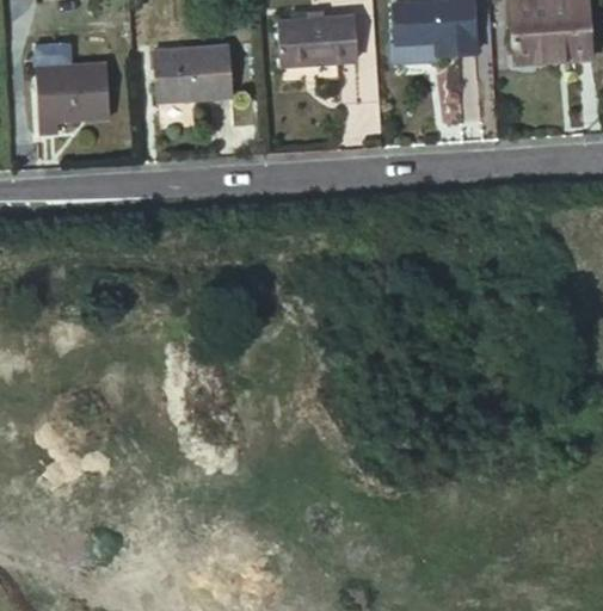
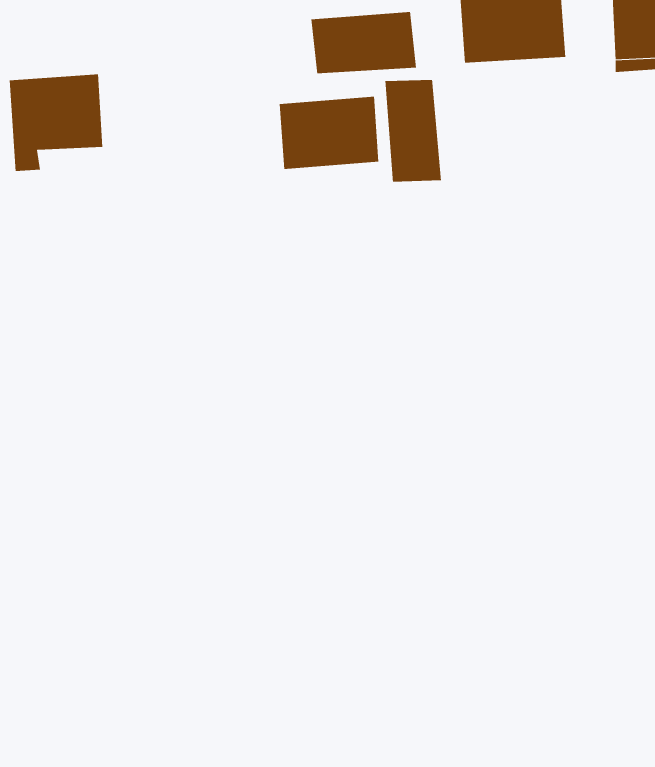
building: [154,47,233,104] -> [279,96,379,169]
building: none -> [385,79,441,183]

